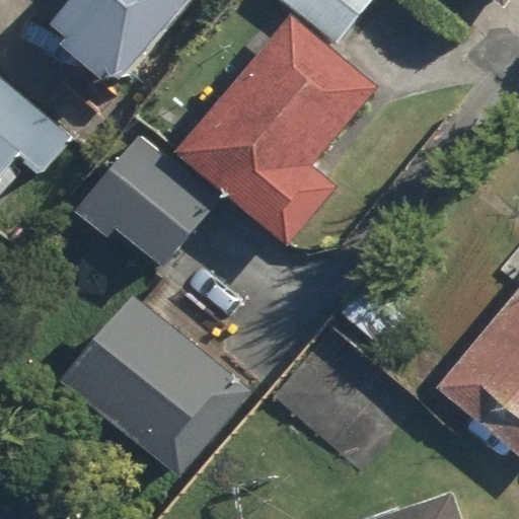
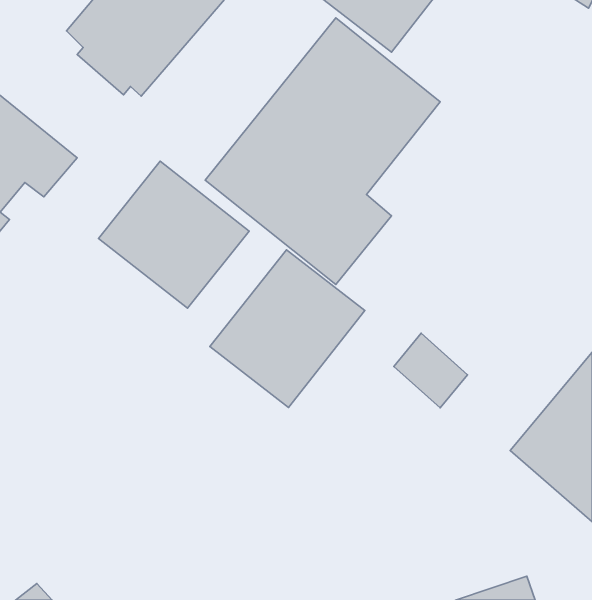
building: none -> [210,250,365,407]
building: [66,298,248,474] -> none

